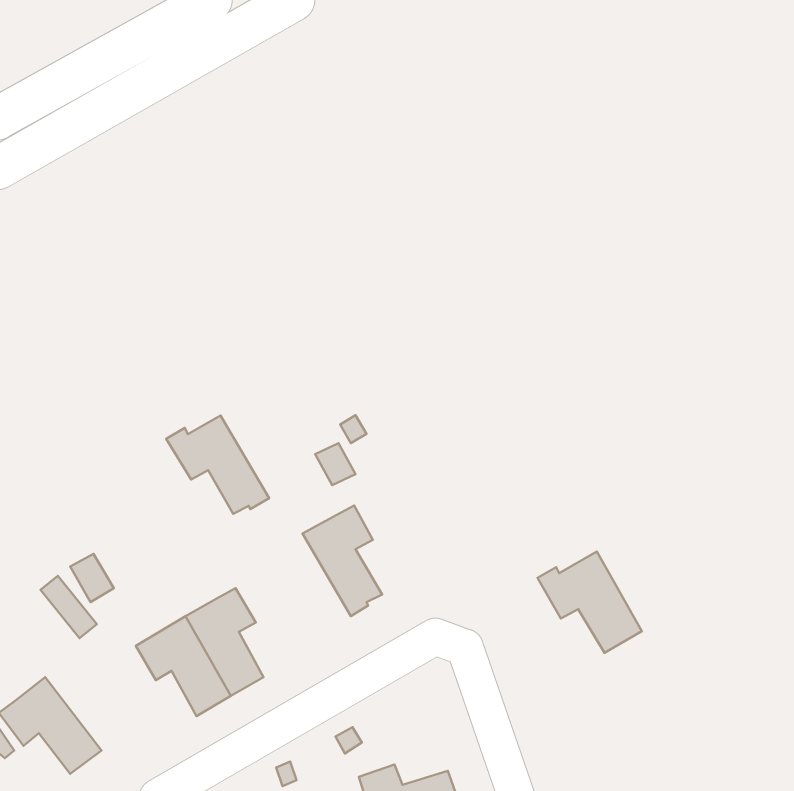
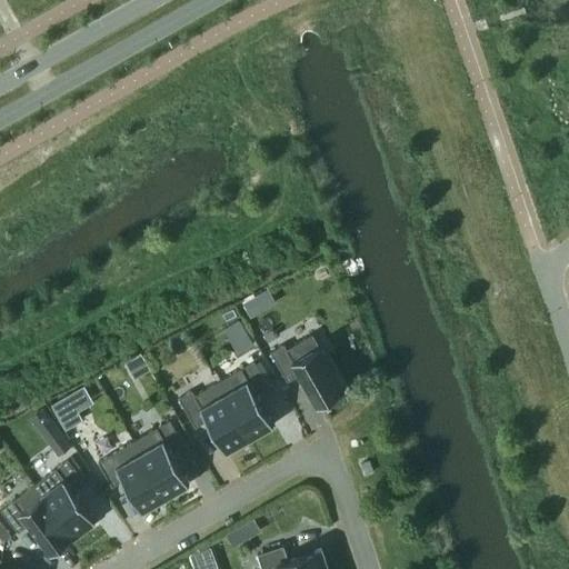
building: [166,415,269,514] -> [177,385,250,455]
building: [537,551,642,653] -> [269,337,343,409]
building: none -> [32,462,93,539]

